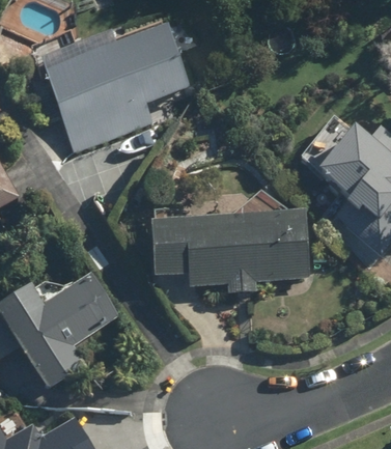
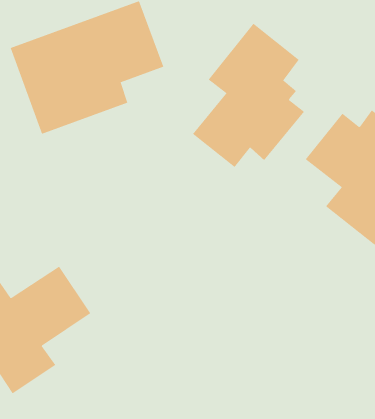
building: none -> [192,23,305,168]
building: [149,201,310,290] -> none

